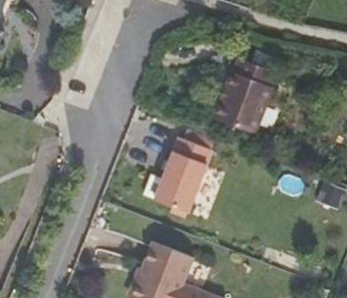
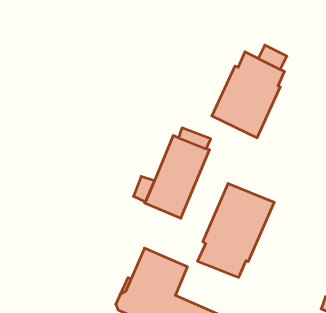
building: none -> [198,183,274,277]

